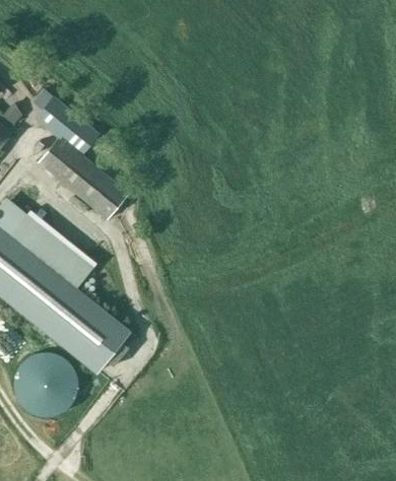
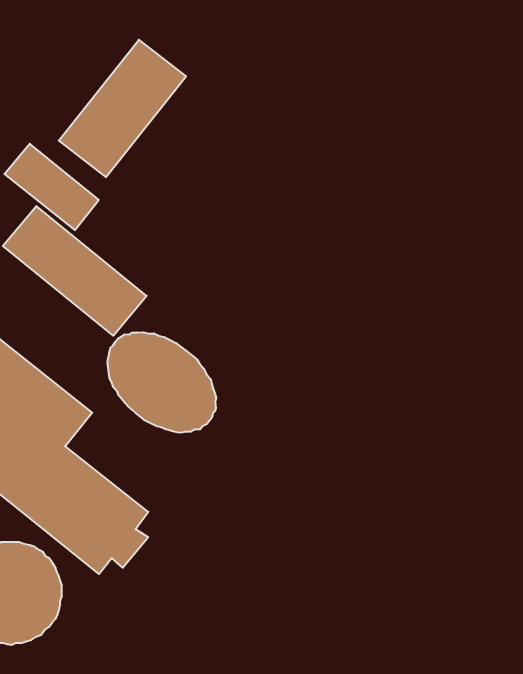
building: none -> [59,40,186,177]
building: none -> [107,332,216,433]

